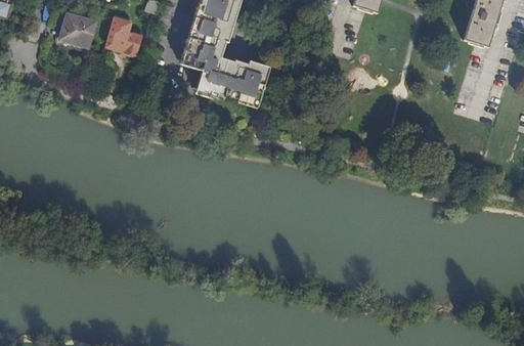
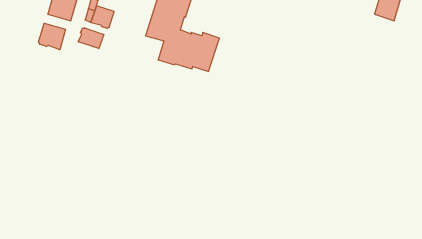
building: none -> [39,23,65,50]
building: none -> [78,28,104,49]

